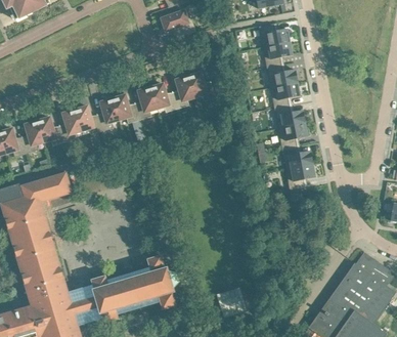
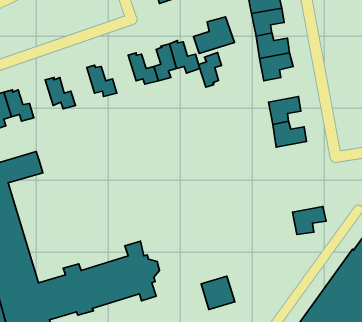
building: none -> [194,17,235,53]
building: none -> [199,53,222,87]
building: [136,84,158,119] -> none
building: [98,95,120,130] -> none
building: [274,104,306,127] -> none
building: [60,107,82,141] -> none
building: [285,163,316,188] -> [292,206,326,234]

